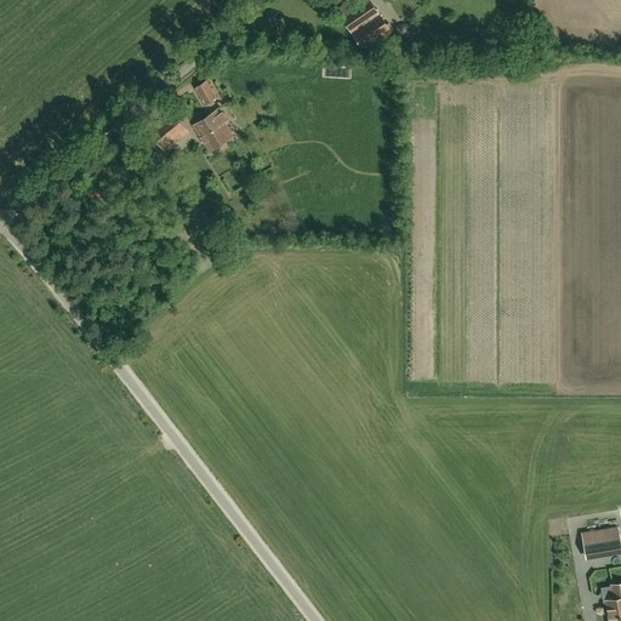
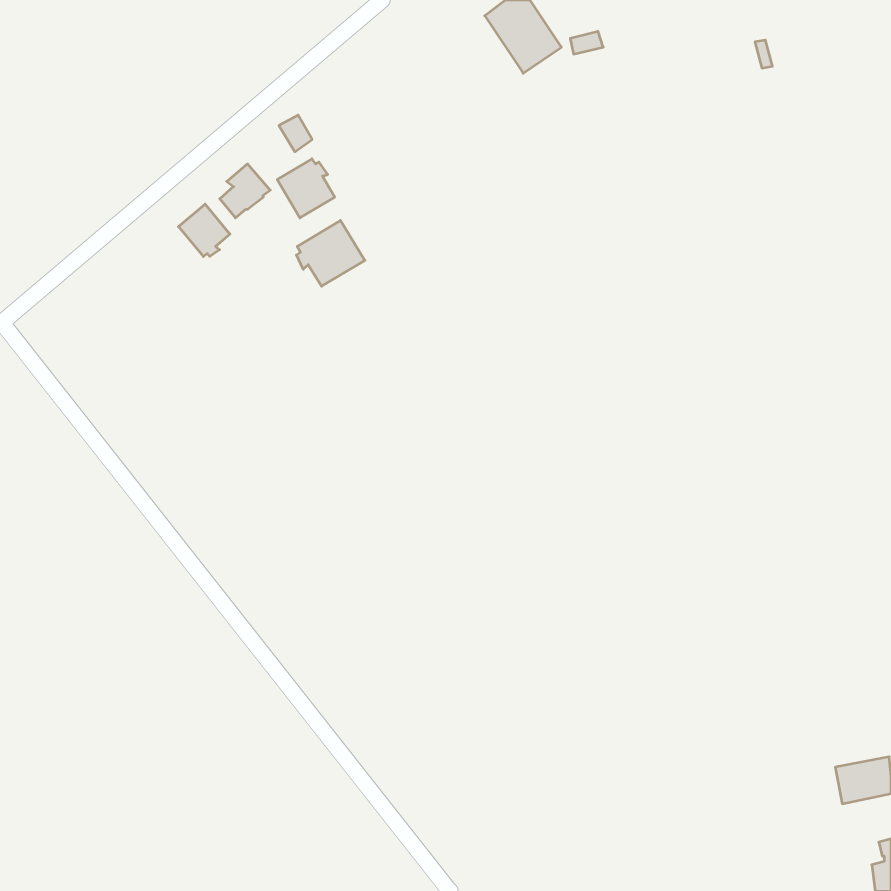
building: none -> [178,204,230,257]
building: none -> [296,220,365,286]

